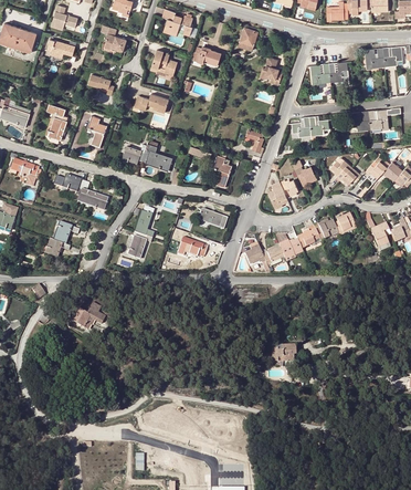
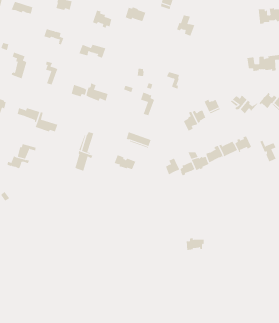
building: [310,61,348,83] -> none
building: [292,115,329,136] -> none
building: [70,301,104,327] -> none

